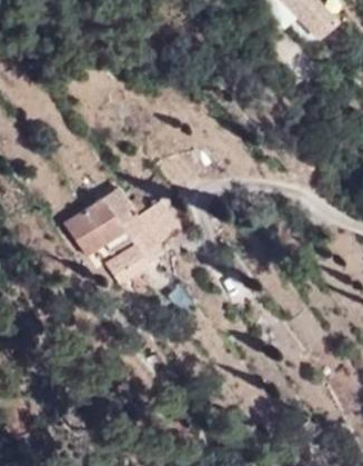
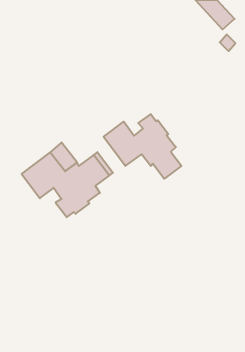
building: none -> [104,114,181,179]

